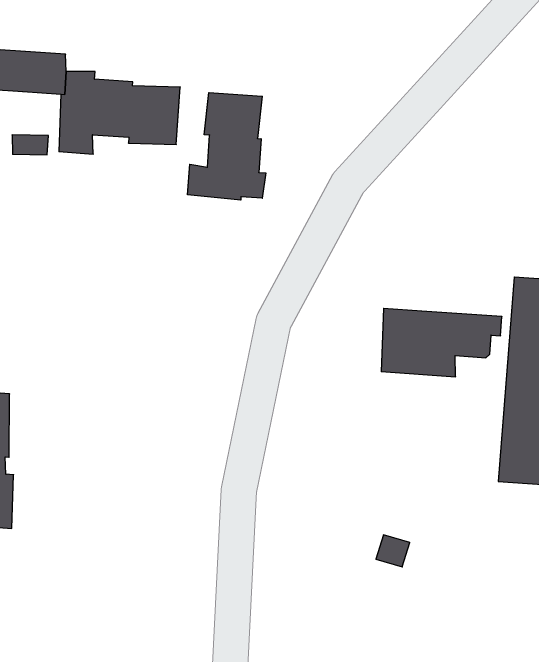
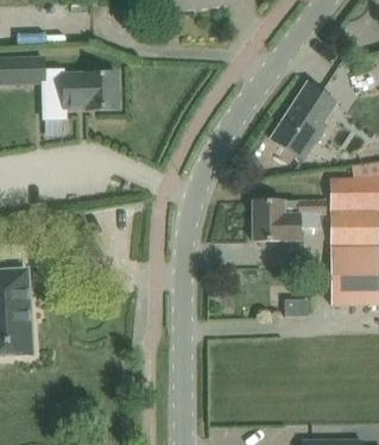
building: [188,93,266,200] -> none
building: none -> [271,82,336,159]

